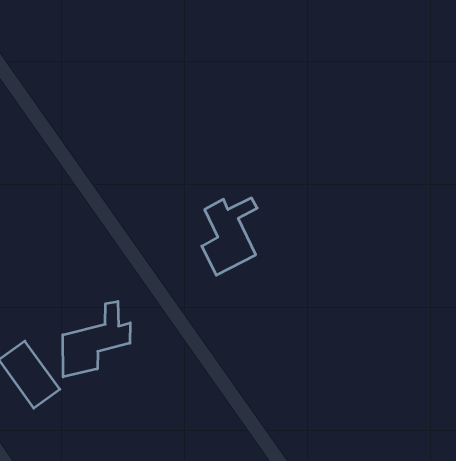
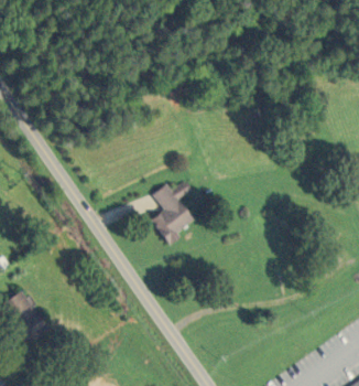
building: [63,301,130,377] -> none

